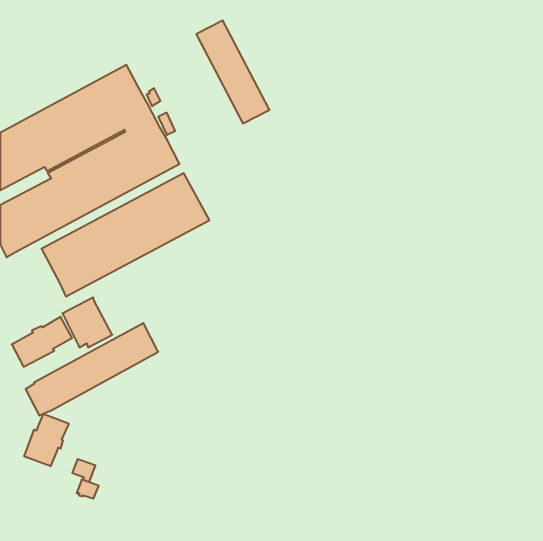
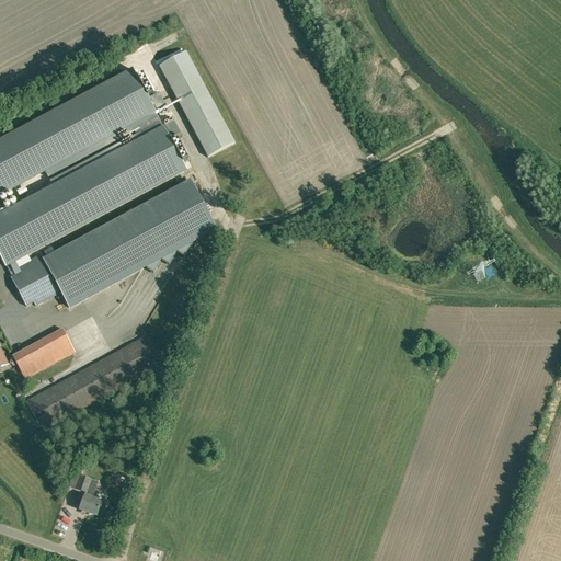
building: [196,20,270,124] -> [159,49,234,156]
building: [62,297,112,347] -> [10,253,61,305]
building: [24,414,69,466] -> none

